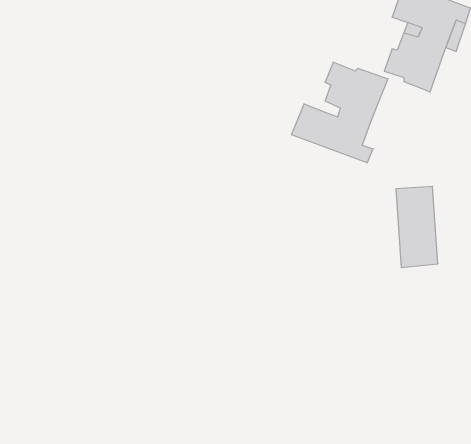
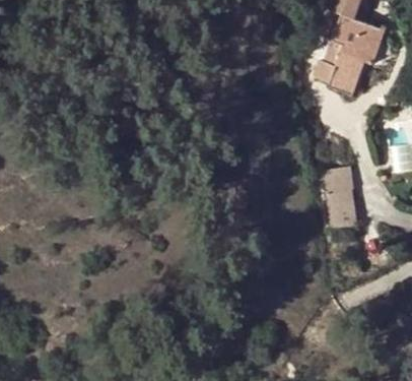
building: [292,62,388,163] -> none

